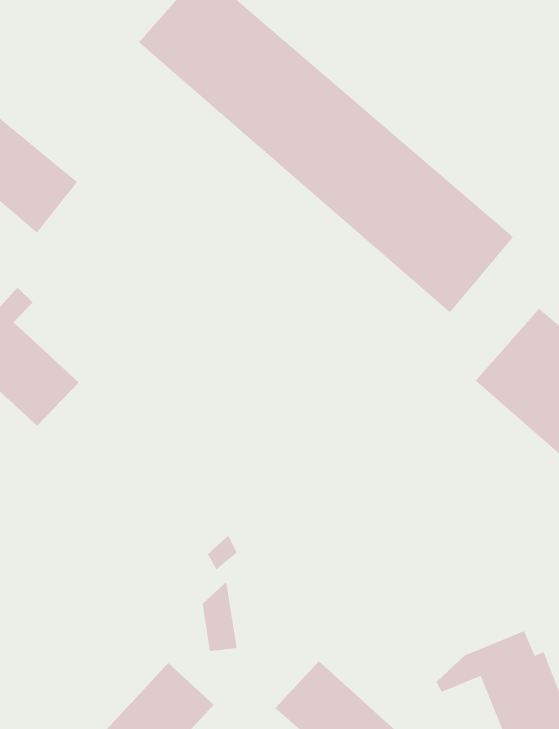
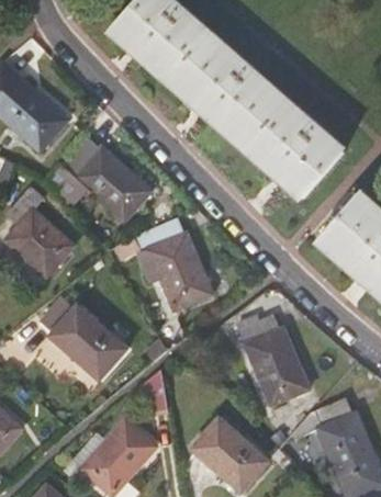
building: none -> [47,137,150,218]
building: none -> [136,215,213,306]
building: none -> [42,297,124,376]
building: none -> [239,313,310,403]

